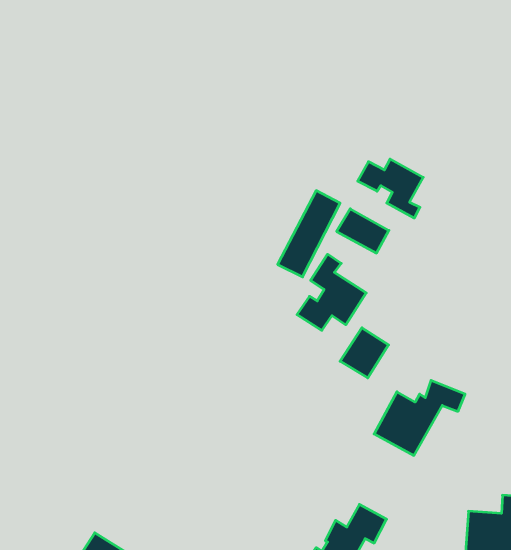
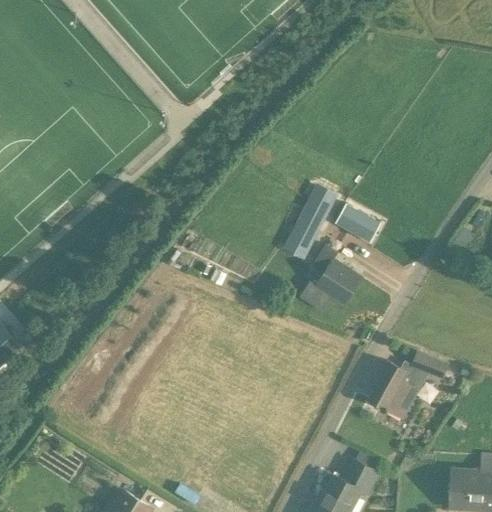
building: [358,159,423,218] -> none
building: [340,328,389,378] -> none

